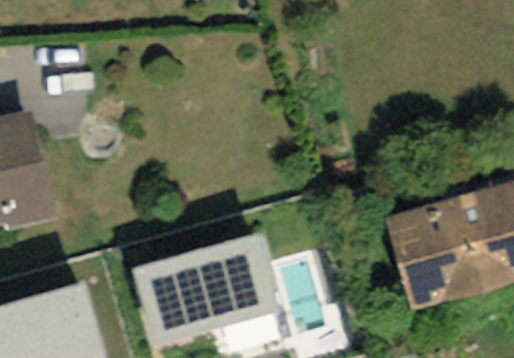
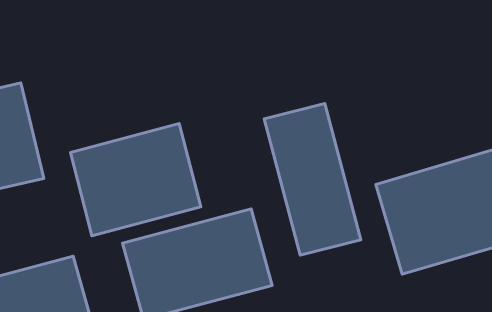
building: none -> [264,103,361,255]
building: none -> [70,123,201,236]

